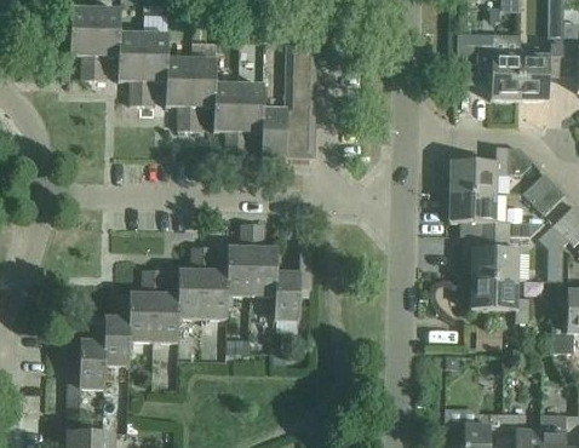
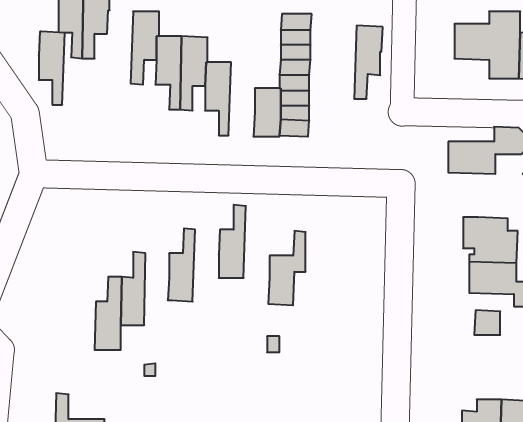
building: [117,31,143,103] -> [39,32,65,105]
building: [236,82,264,154] -> [354,26,383,99]
building: [449,190,510,235] -> none
building: [251,223,277,293] -> none
building: [201,246,228,316] -> none
building: [154,269,180,340] -> none
building: [68,316,107,407] -> none

